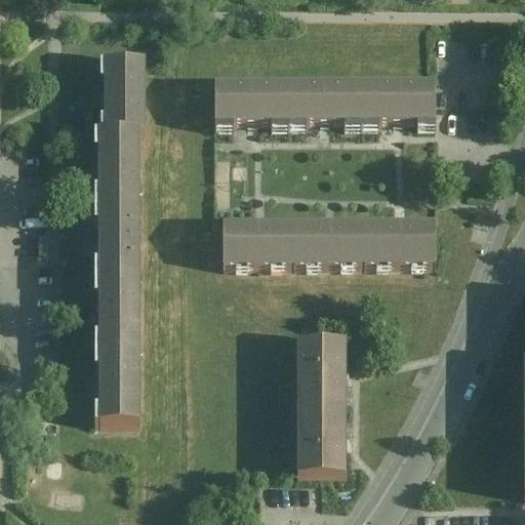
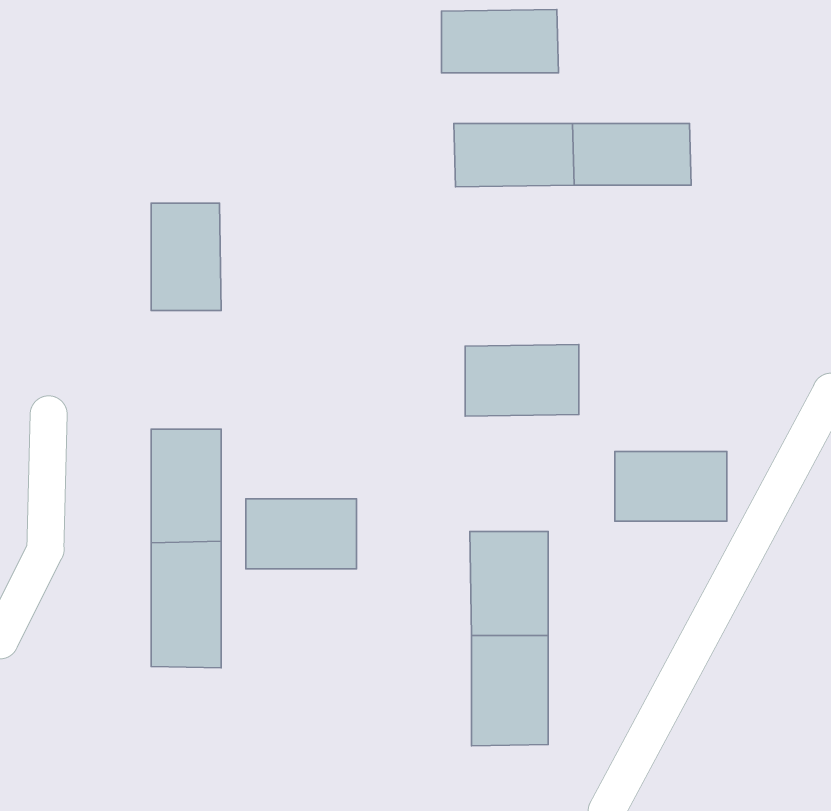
building: [104,55,146,128] -> none
building: [213,78,287,118] -> [441,10,559,73]
building: [95,196,139,271] -> none
building: [365,217,436,261] -> [615,451,727,521]
building: [224,218,293,262] -> [246,499,356,569]

